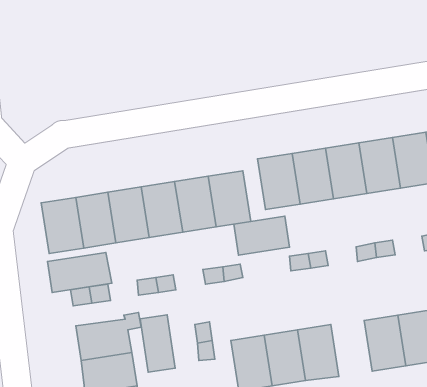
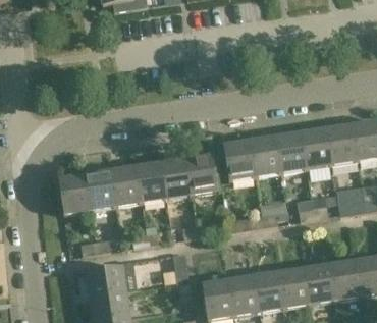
building: [234,216,290,255] -> none
building: [48,252,112,293] -> none
building: [140,315,175,372] -> none
building: none -> [279,266,311,309]

